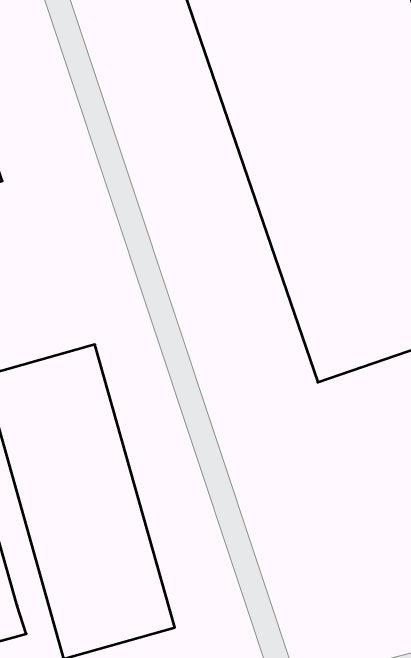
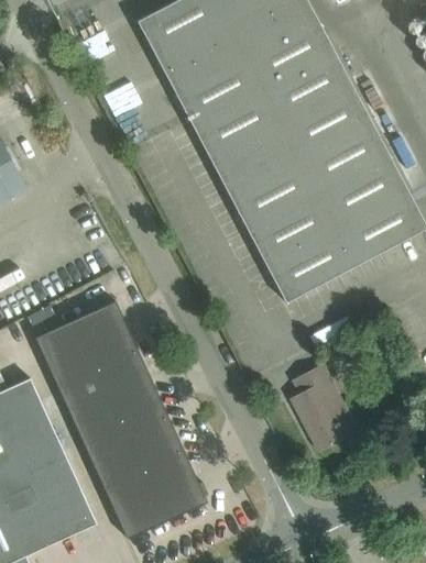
building: none -> [292,363,360,452]

